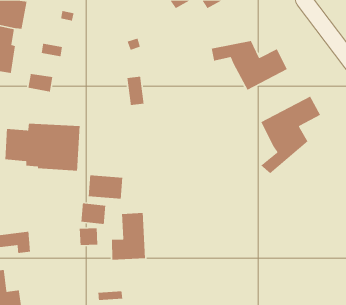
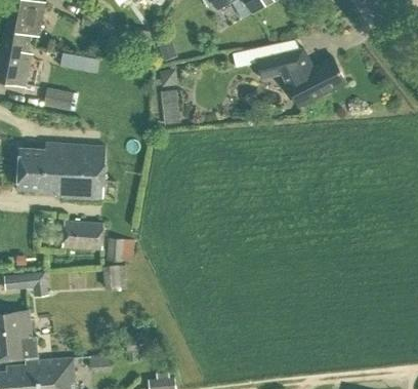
building: [260,96,321,174] -> none
building: [88,175,123,199] -> [62,221,103,249]
building: [111,212,146,260] -> none

